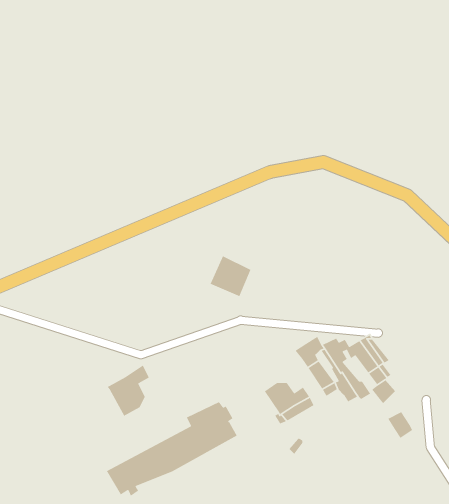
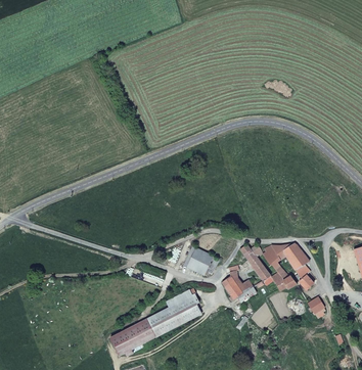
building: [209,255,251,297] -> [183,245,213,275]
building: [106,365,150,417] -> none

